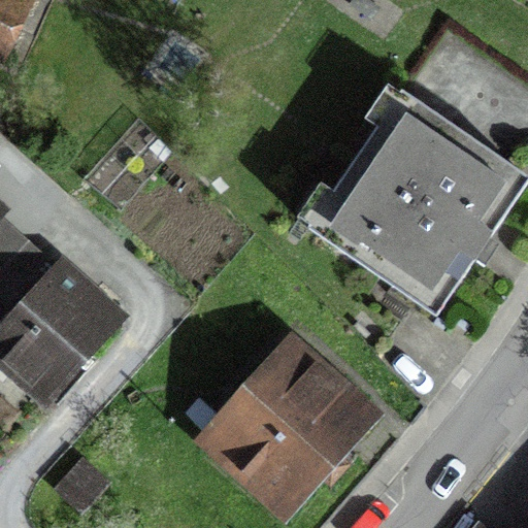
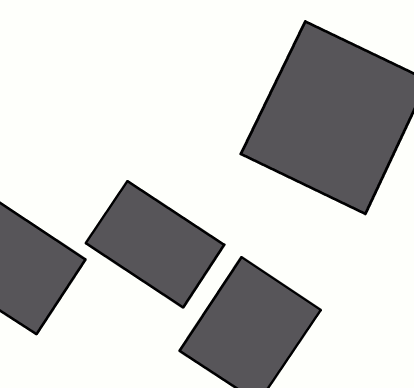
building: none -> [86,181,224,307]

